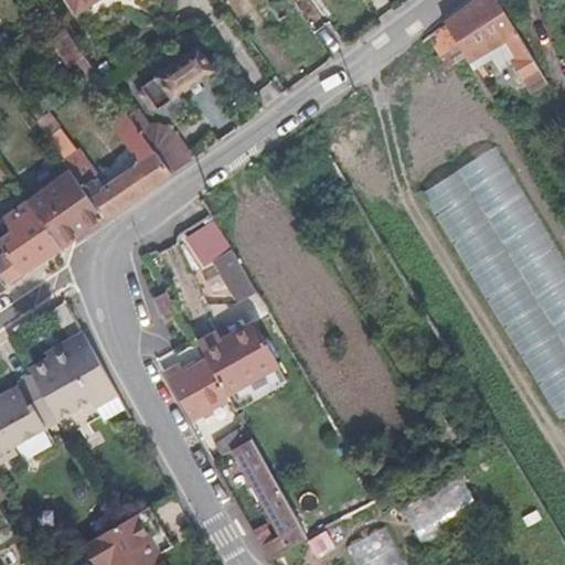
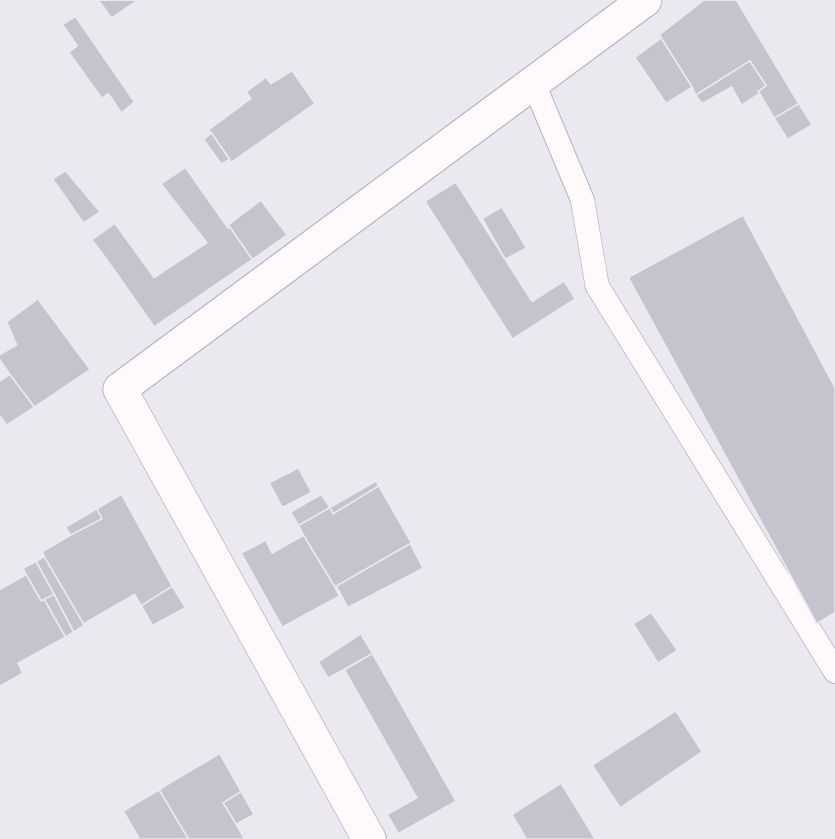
building: none -> [425,182,576,339]
building: [25,170,104,248] -> none
building: [188,222,255,305] -> none

